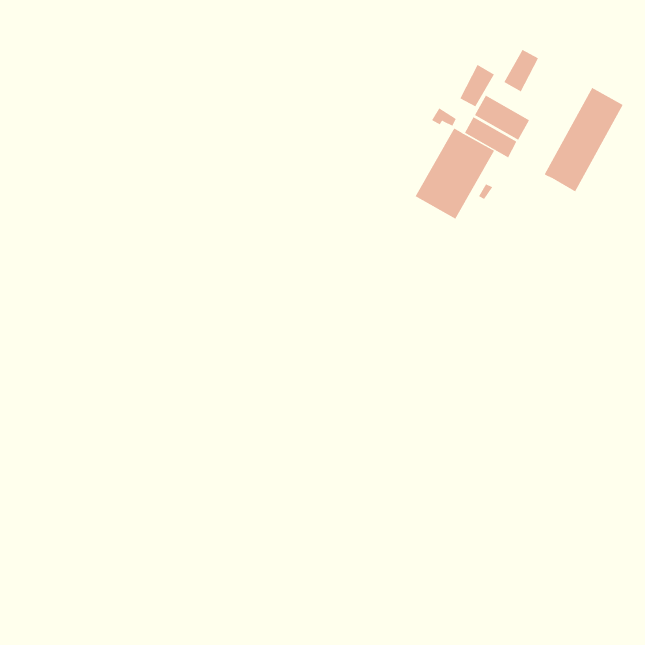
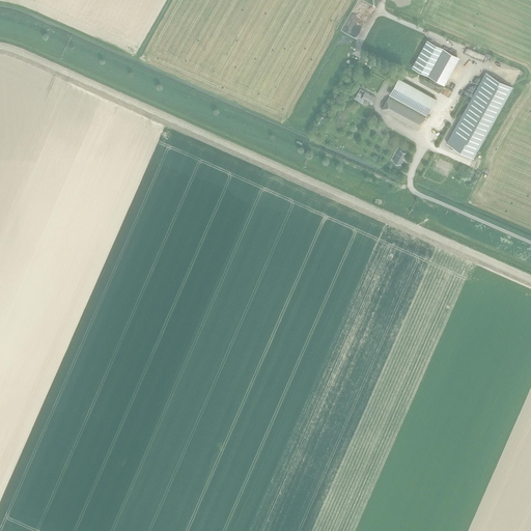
building: [459,64,495,107] -> [427,49,456,84]
building: [415,127,495,219] -> none

